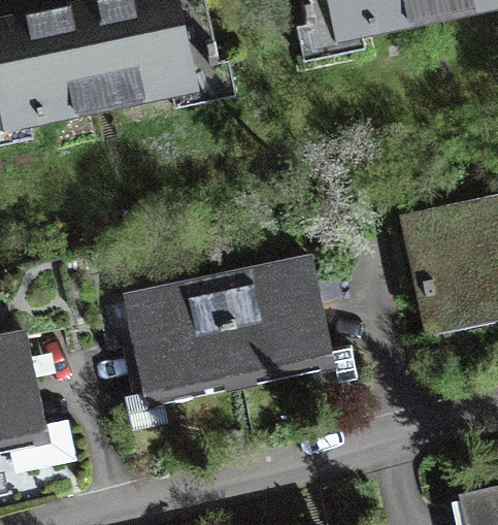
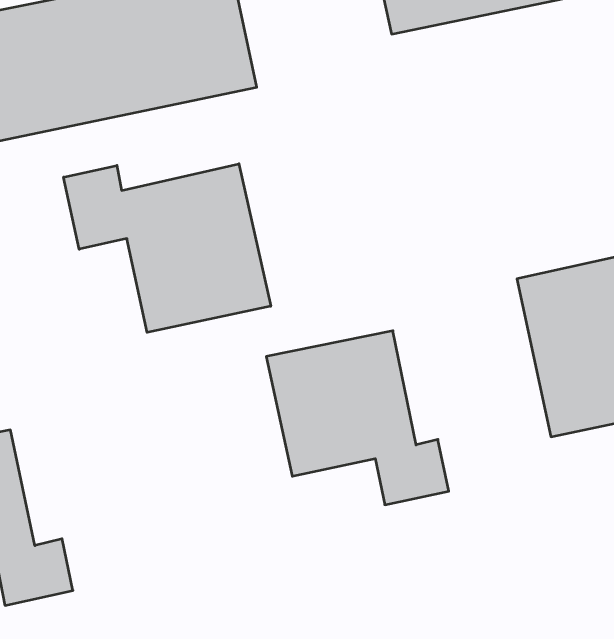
building: none -> [64,164,271,332]
building: [92,261,239,433] -> none

